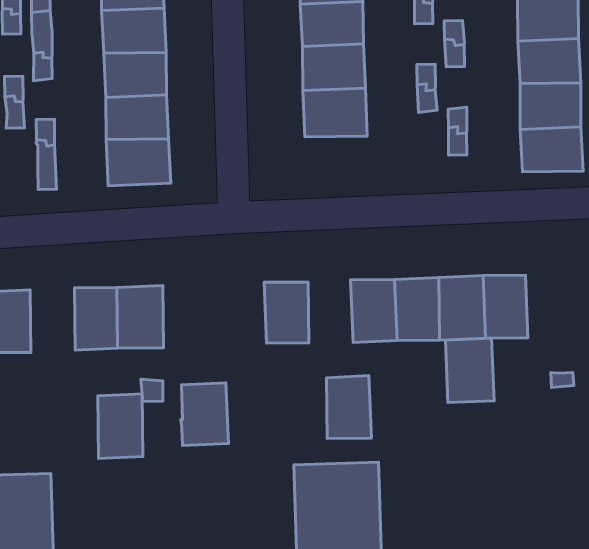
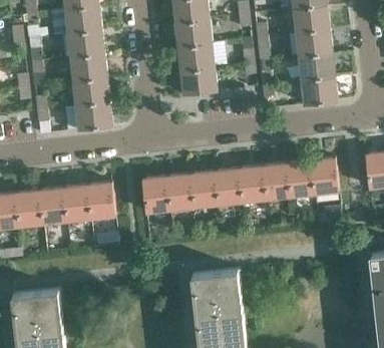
building: [445,338,494,403] -> [309,158,338,196]
building: [326,376,371,438] -> [190,171,218,208]
building: [181,383,228,445] -> [142,177,170,213]
building: [98,394,143,458] -> [39,188,66,225]

